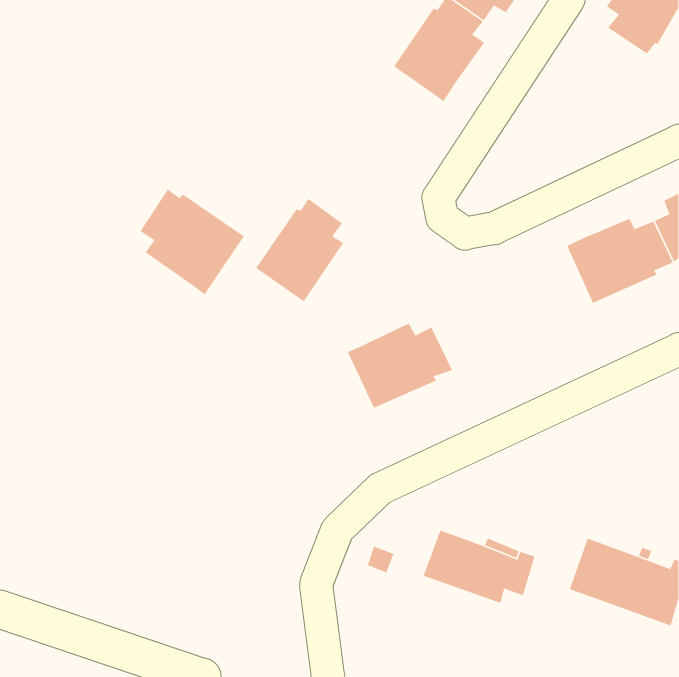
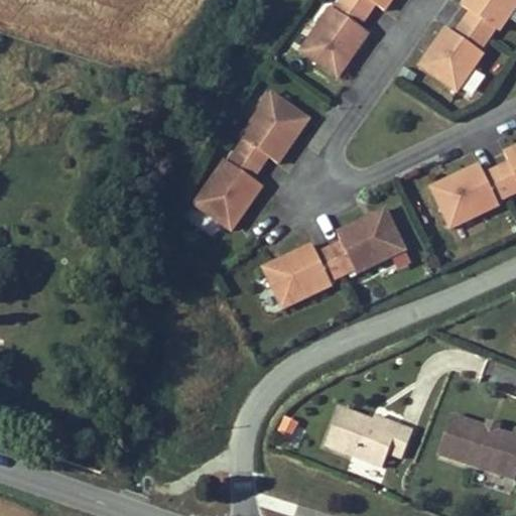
building: none -> [418,21,491,93]
building: none -> [234,91,309,169]
building: [140,189,245,295] -> none
building: none -> [328,210,405,281]

